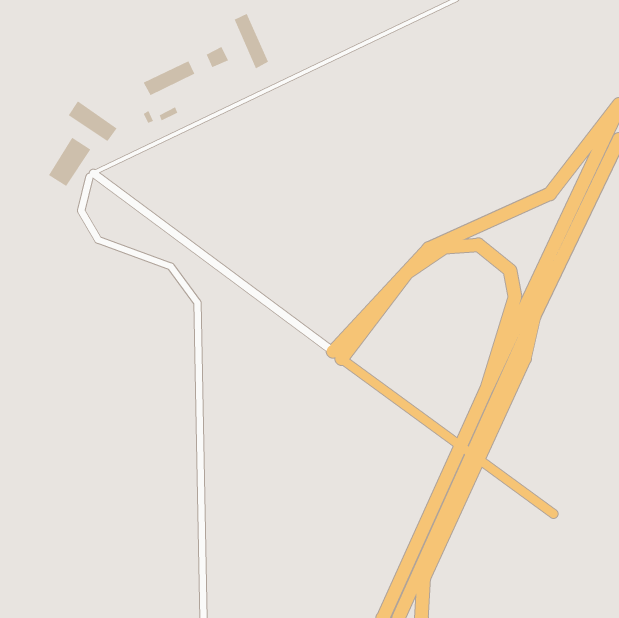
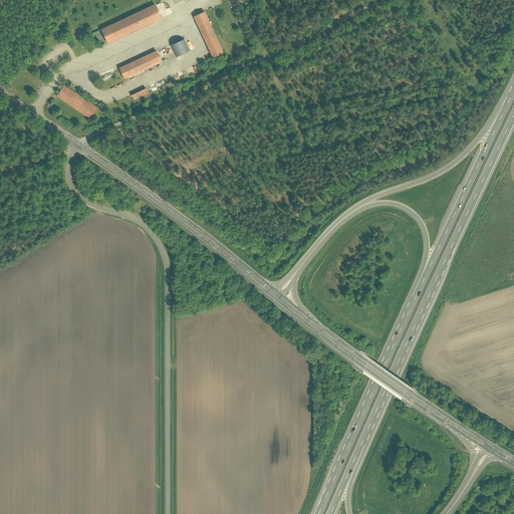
building: none -> [100,5,162,44]
building: [48,137,91,187] -> none

